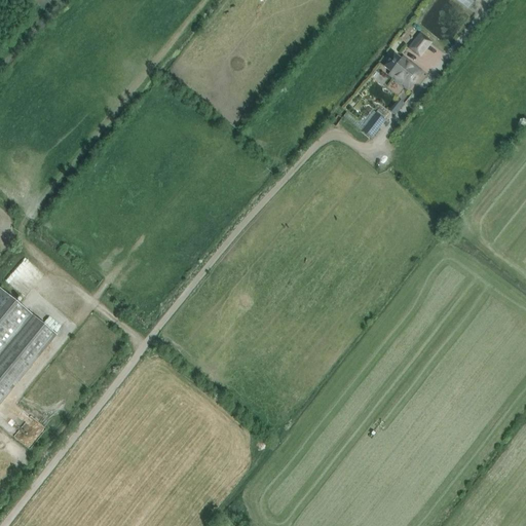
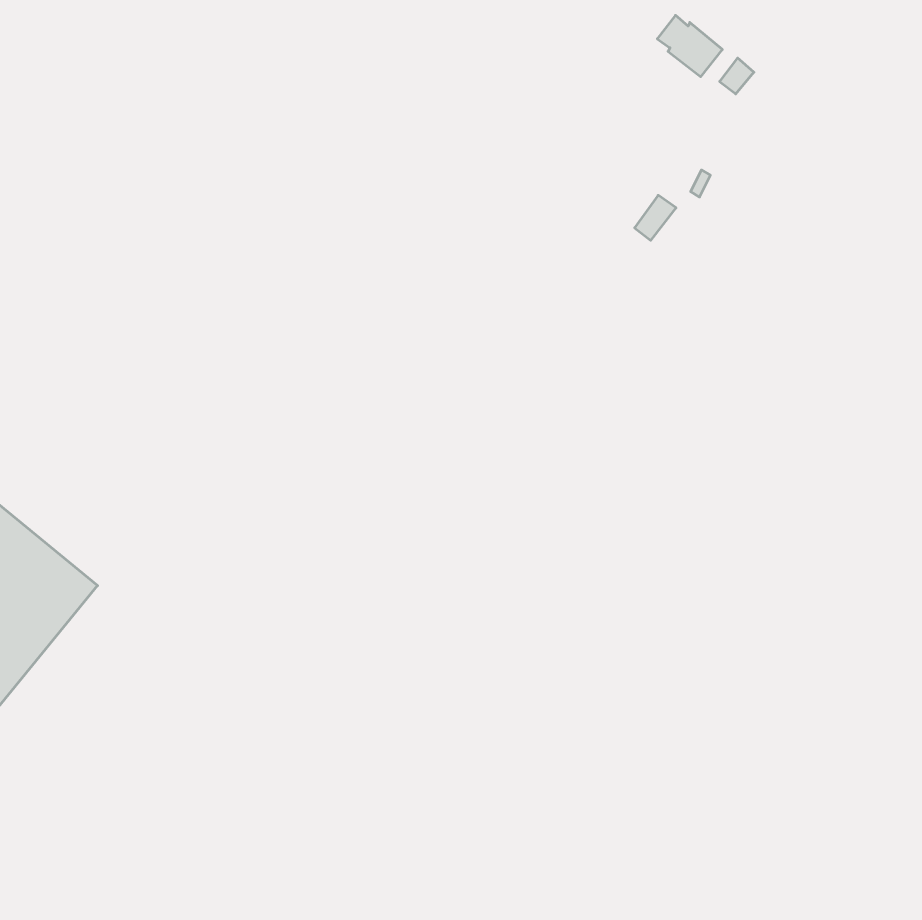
building: [382,51,419,86] -> [657,15,722,77]

